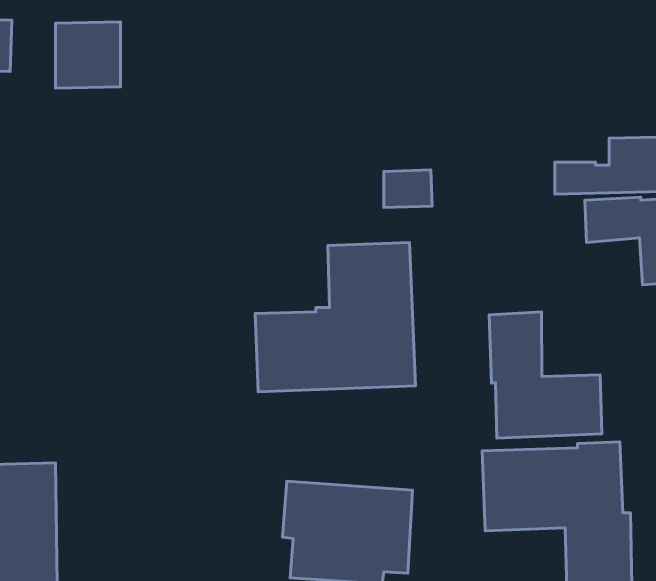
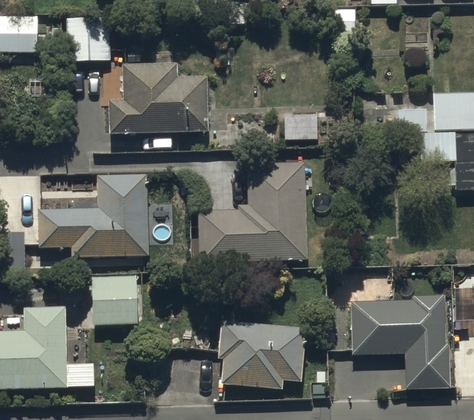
building: none -> [107,65,208,134]
building: none -> [38,175,148,258]
building: [489,312,602,438] -> none
building: none -> [92,278,137,326]

